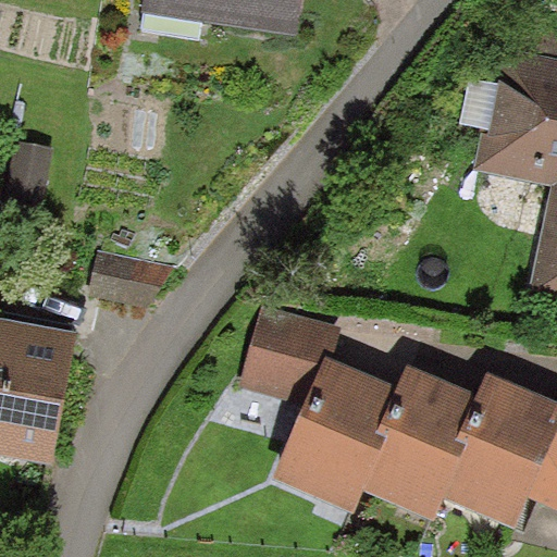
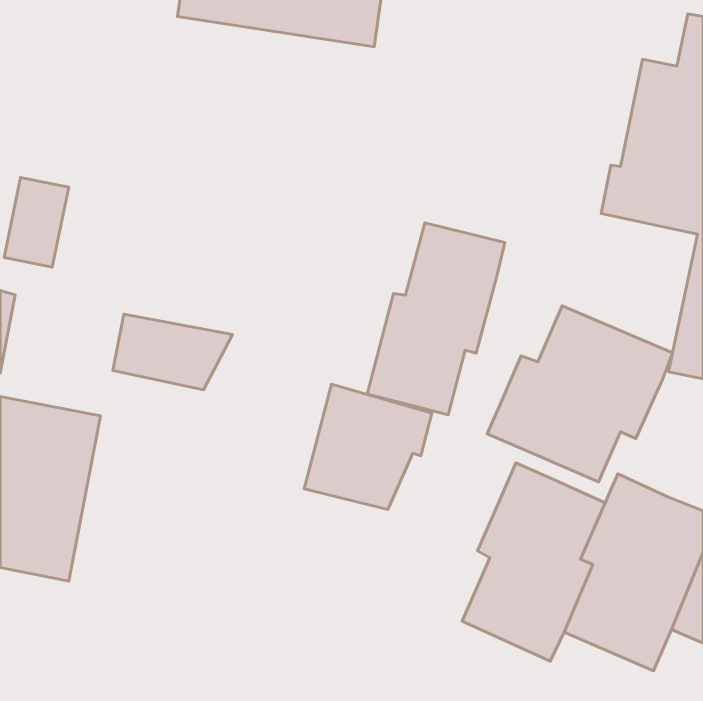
building: none -> [367,223,505,415]
building: none -> [487,306,673,482]
building: [273,358,398,515] -> none

